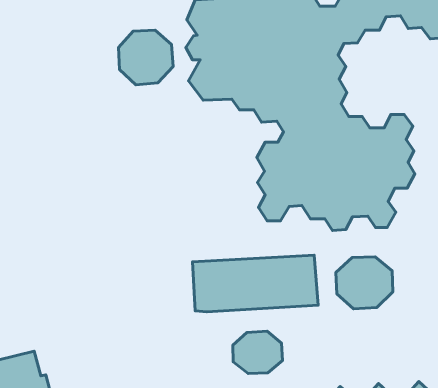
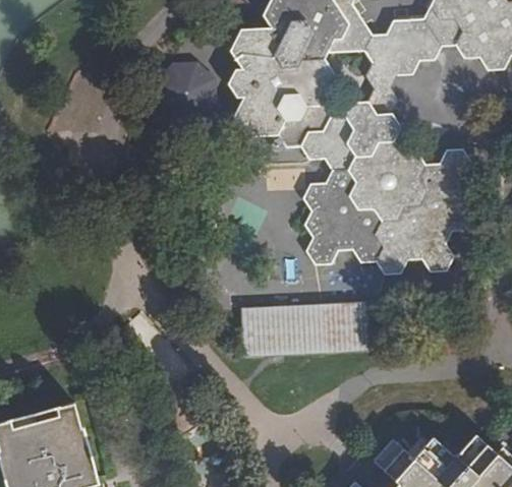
building: [336,257,393,309] -> none
building: [233,331,282,373] -> none

